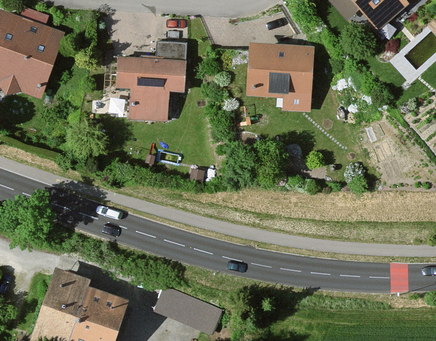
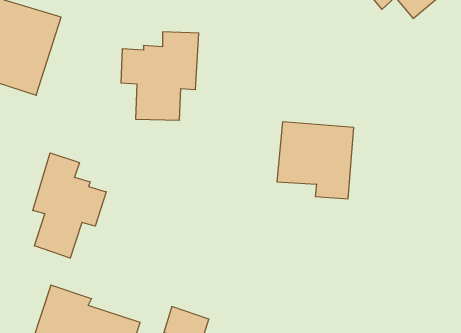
building: [247,44,315,112] -> [277,122,354,199]
building: none -> [33,153,106,258]

